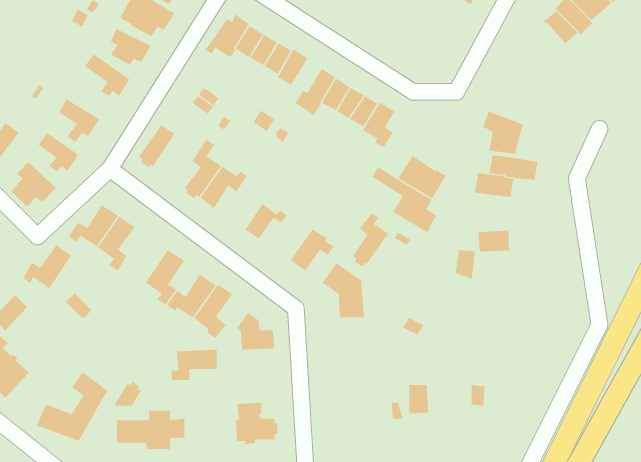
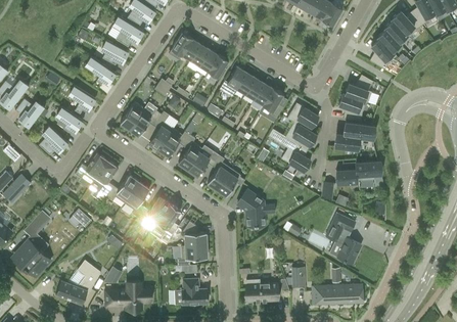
building: none -> [370,38,397,70]
building: none -> [345,75,373,103]
building: none -> [287,105,319,132]
building: none -> [130,108,162,136]
building: none -> [179,135,202,170]
building: [352,213,389,267] -> [208,155,231,190]
building: none -> [356,162,381,181]
building: [22,244,72,289] -> [107,175,139,203]
building: none -> [326,214,361,265]
building: [171,349,218,381] -> [178,245,208,266]
building: none -> [246,279,279,302]
building: none -> [312,284,364,306]

